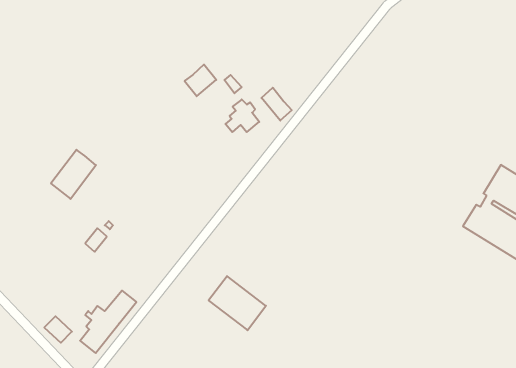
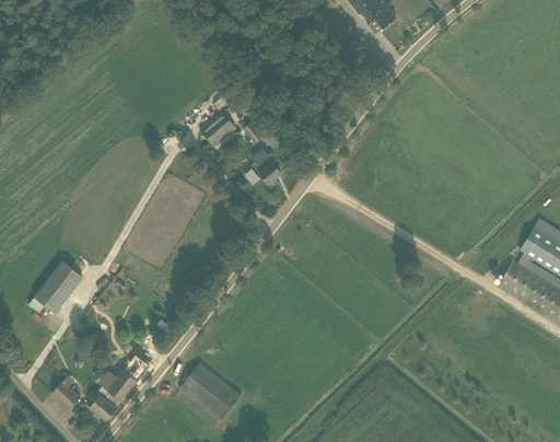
building: [261,88,292,121] -> none
building: [51,150,96,199] -> [35,260,83,313]
building: [209,276,266,330] -> [179,362,241,420]

